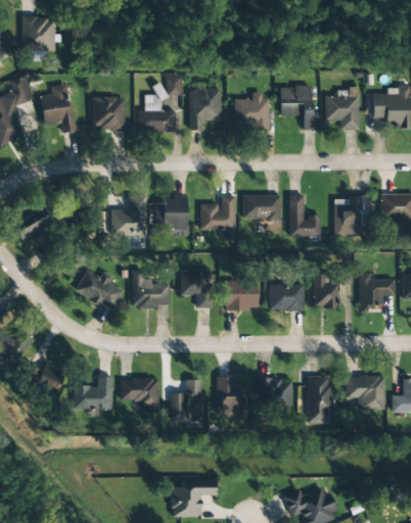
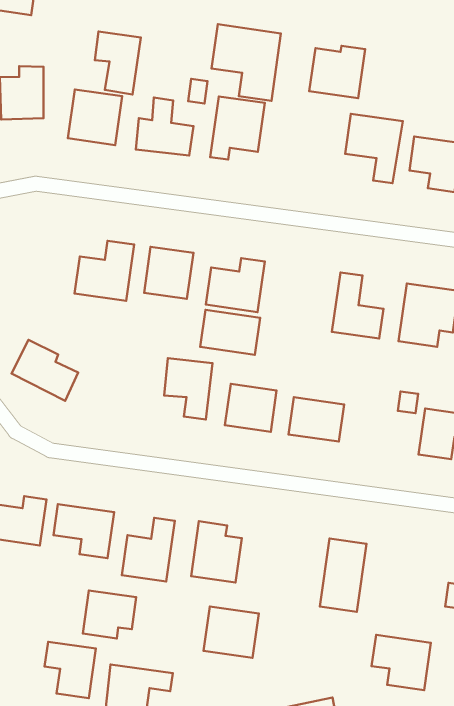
building: none -> [212,24,281,101]
building: none -> [95,32,141,95]
building: [234,94,268,128] -> [309,46,365,98]
building: [242,195,280,221] -> [200,310,260,355]
building: [313,269,337,308] -> none
building: [132,270,170,307] -> none
building: [346,376,383,409] -> [372,635,431,690]
building: [258,378,291,409] -> [204,606,259,658]
building: none -> [83,590,136,638]
building: none -> [45,642,96,698]

